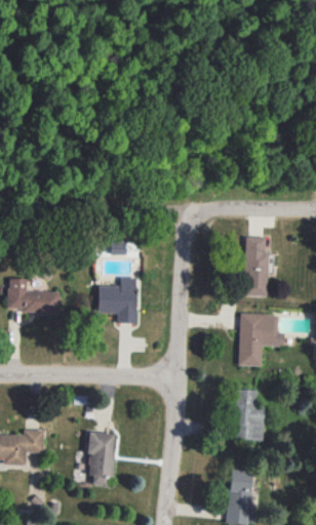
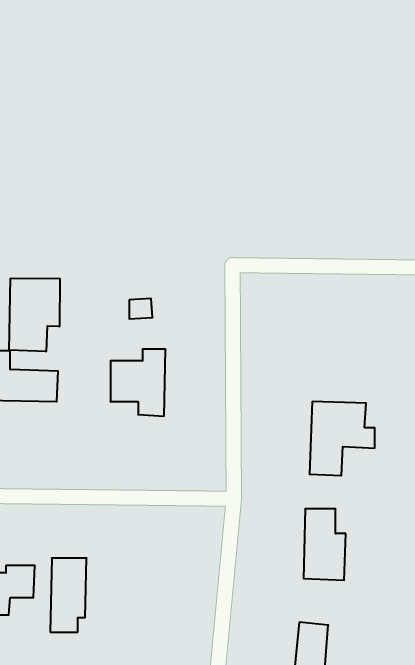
building: none -> [9,278,60,352]
building: [244,237,268,296] -> none
building: [88,433,114,485] -> [50,558,87,632]

